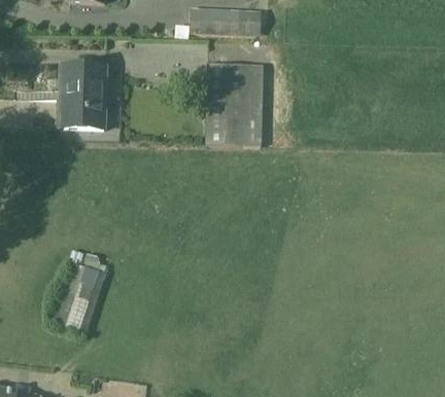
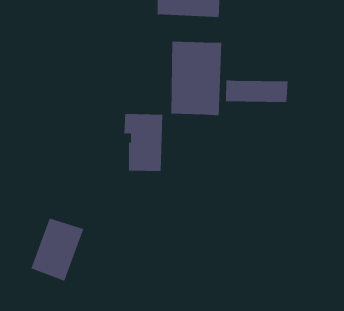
building: [60,64,104,129] -> [124,114,163,172]
building: none -> [225,80,288,103]

